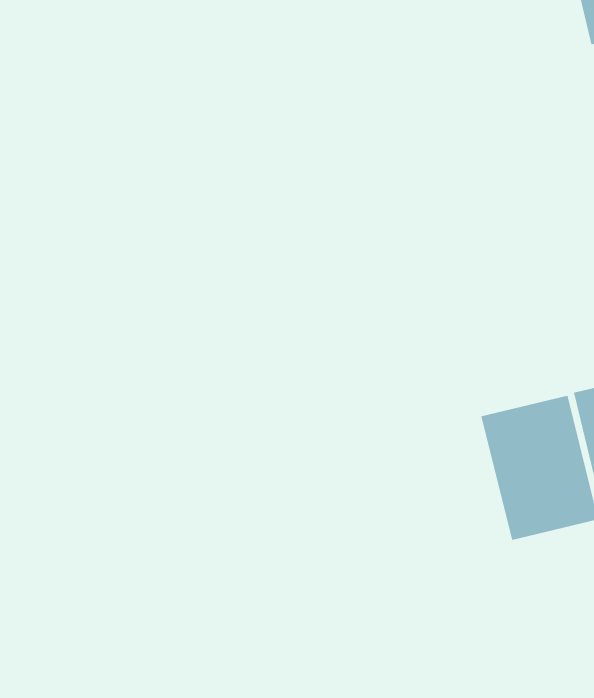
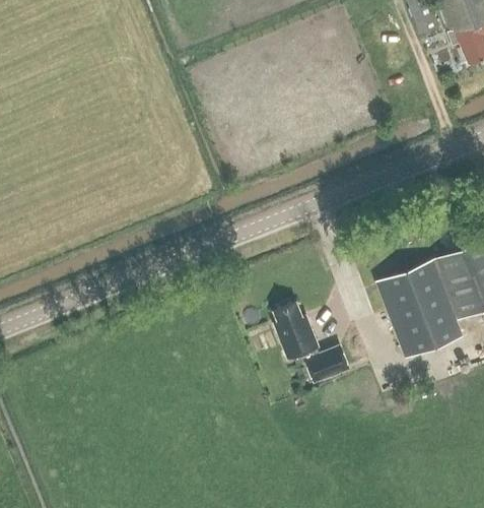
building: none -> [274,305,351,384]

